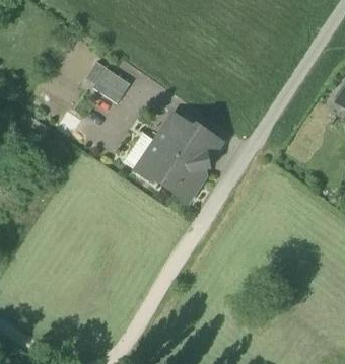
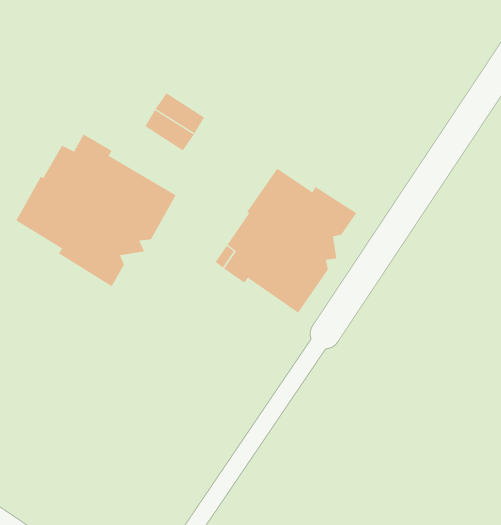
building: none -> [15,134,177,287]

